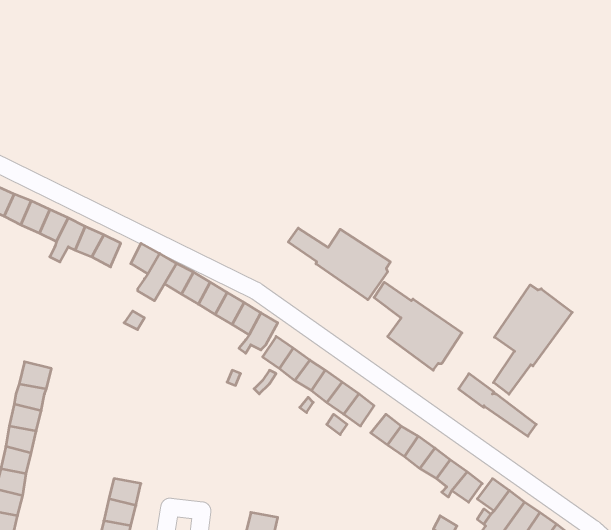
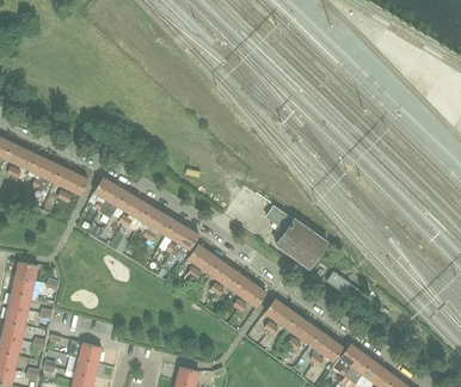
building: [288,228,390,300] -> none
building: [493,285,572,394] -> none

